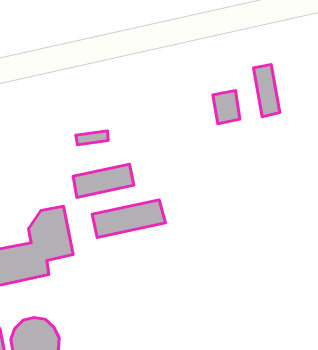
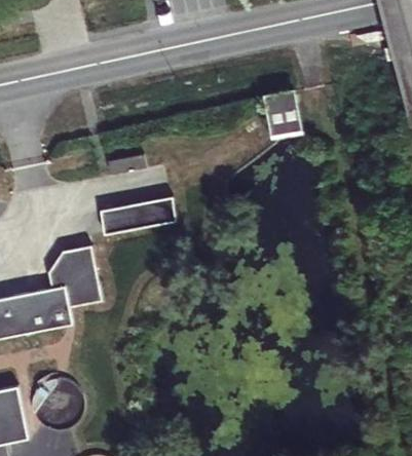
building: [253,65,280,117] -> none
building: [92,200,166,238] -> none

